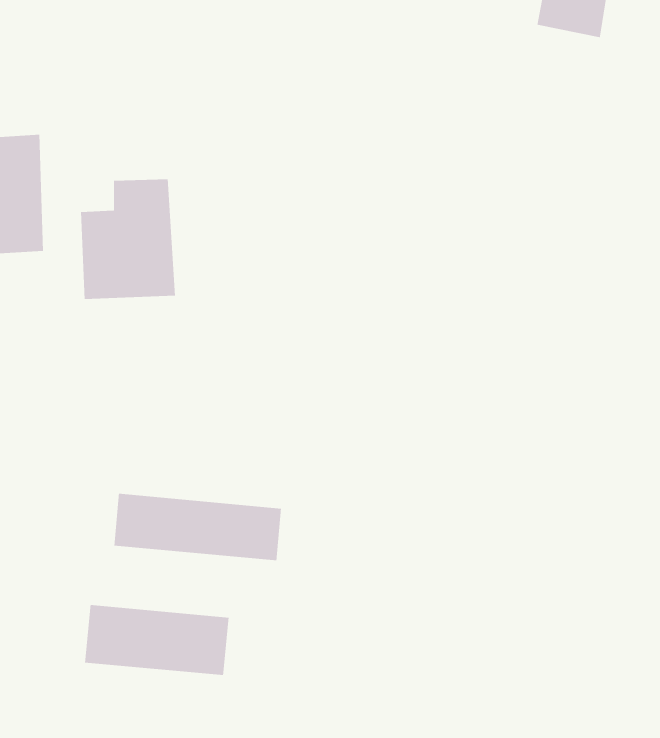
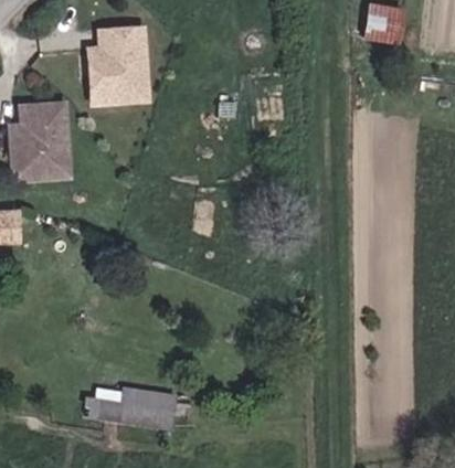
building: [80,178,176,300] -> [91,31,148,104]
building: [113,493,282,561] -> none

